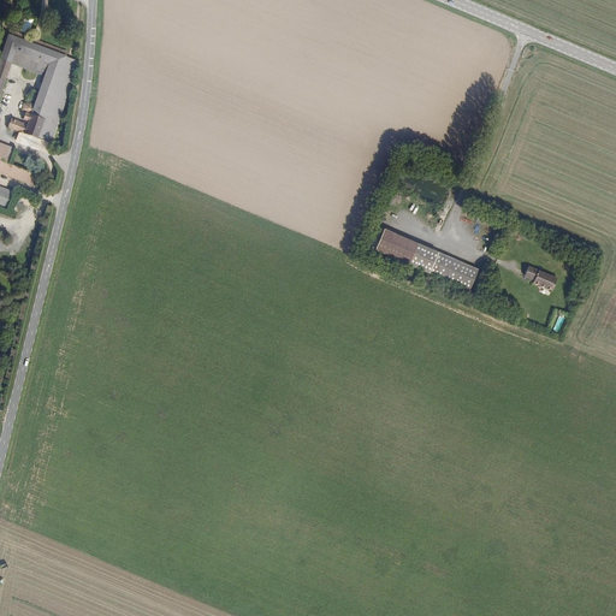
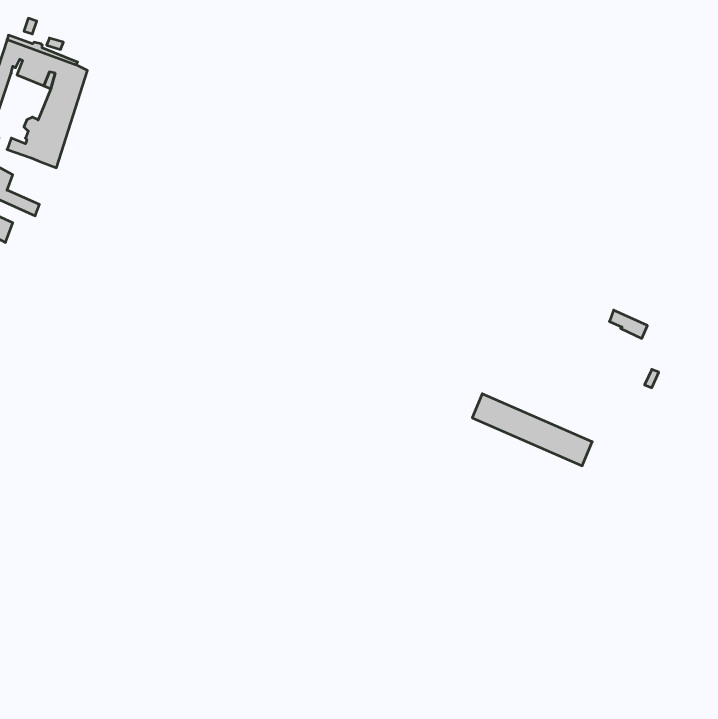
building: [377,227,479,289] -> [472,394,592,466]

